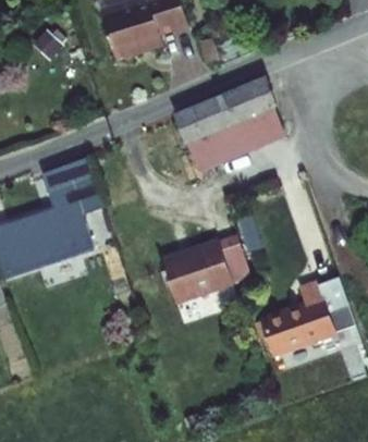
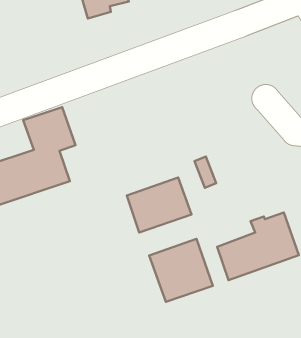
building: [179,75,291,172] -> none
building: none -> [149,239,213,302]

